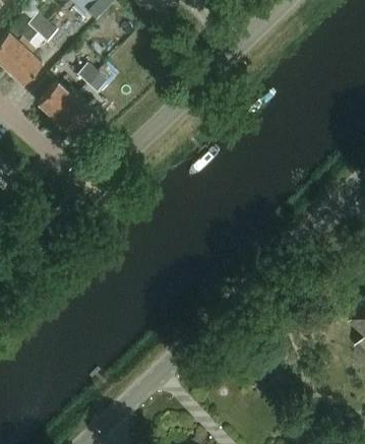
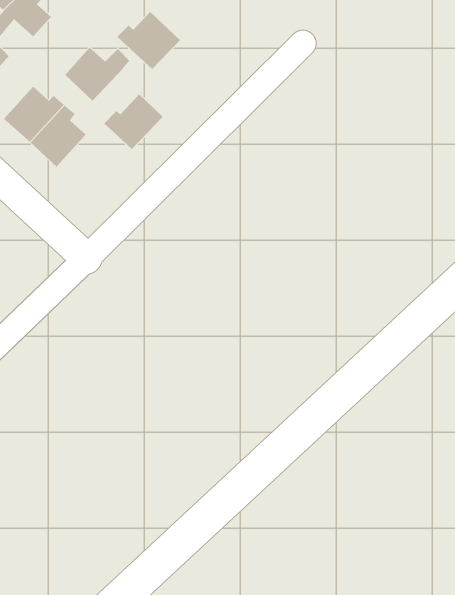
building: none -> [117,11,181,70]
building: none -> [104,94,164,150]

